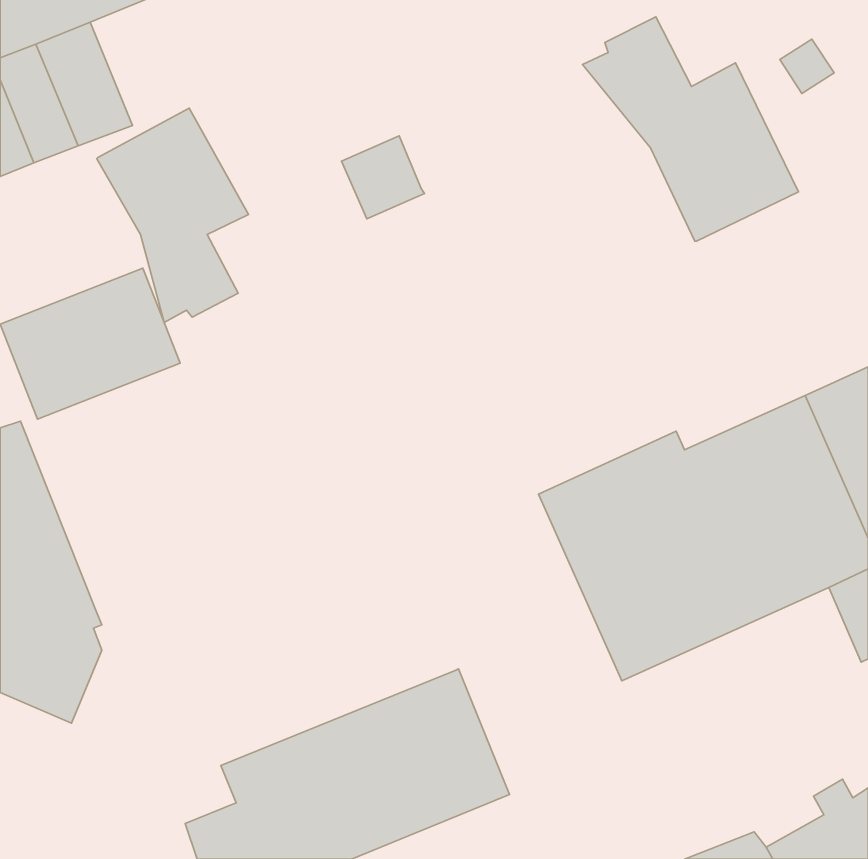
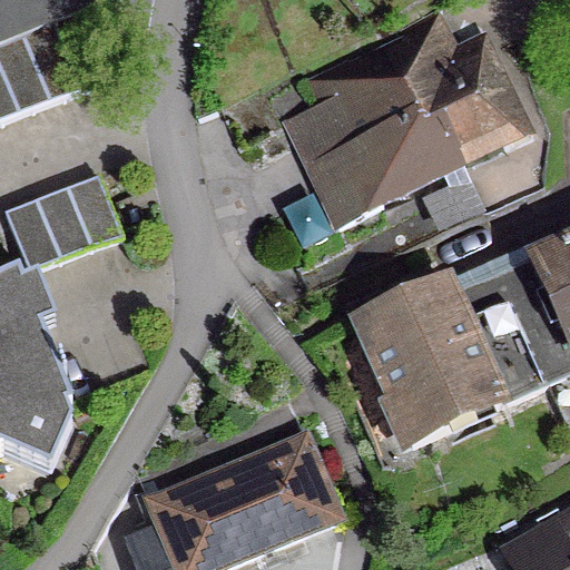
building: none -> [283,42,456,229]
building: [97,108,248,323] -> none

